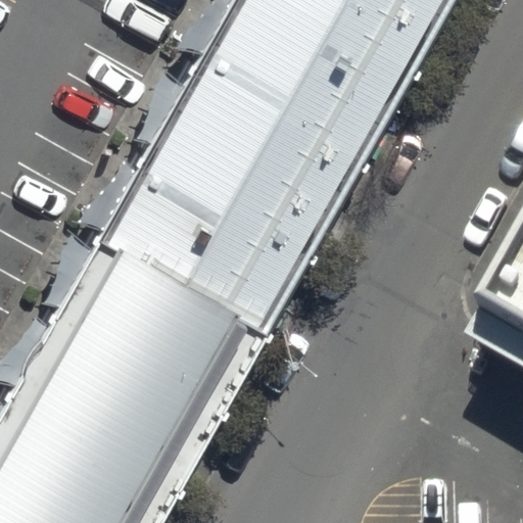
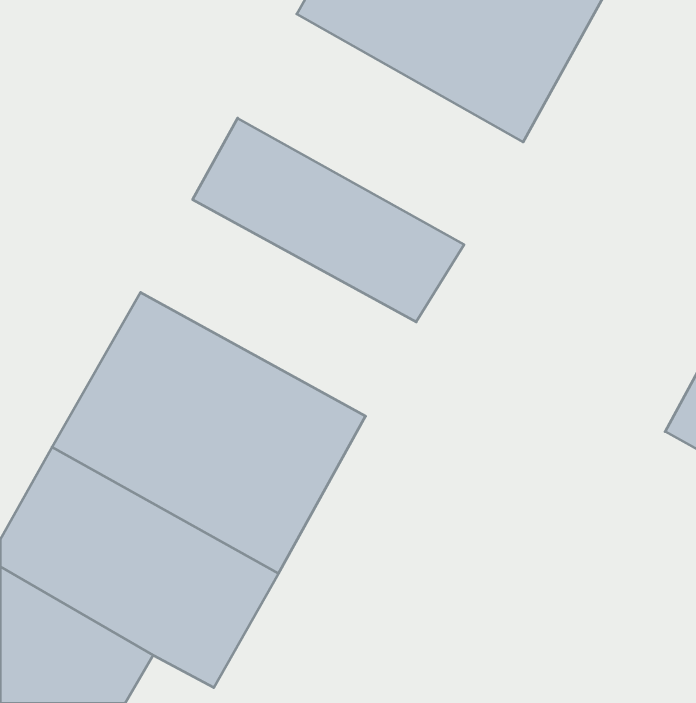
building: [189,10,396,178] -> none
building: [118,145,319,302] -> none

